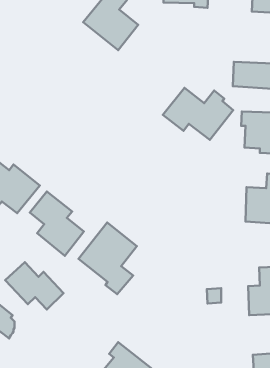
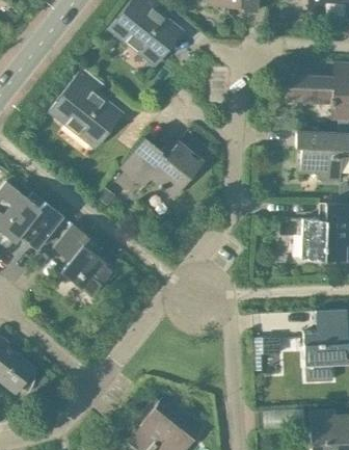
building: none -> [54,69,116,143]
building: [163,88,233,140] -> [119,138,200,198]
building: [78,223,137,294] -> none
building: [5,262,64,309] -> none

